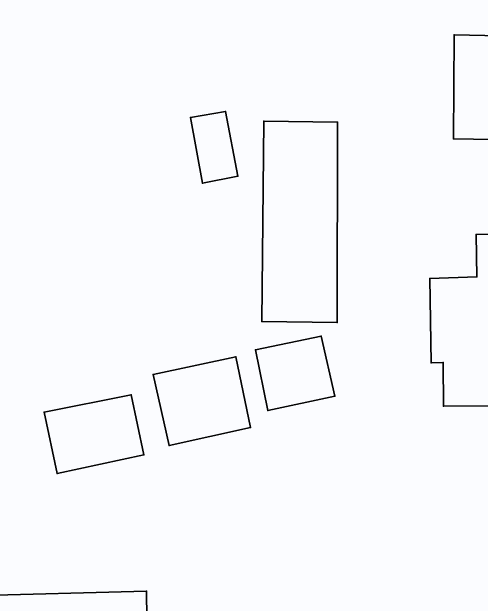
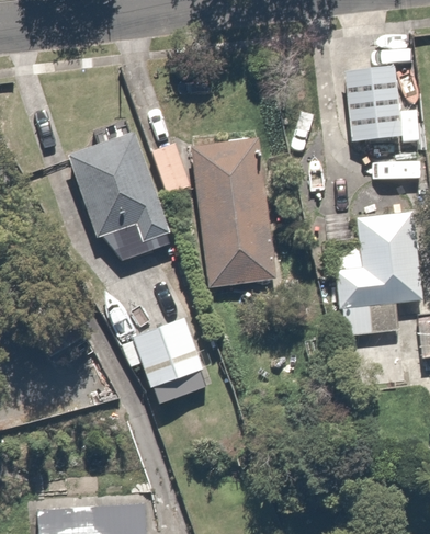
building: none -> [63,134,176,268]
building: [255,336,335,411] -> none
building: [44,395,144,474] -> none

